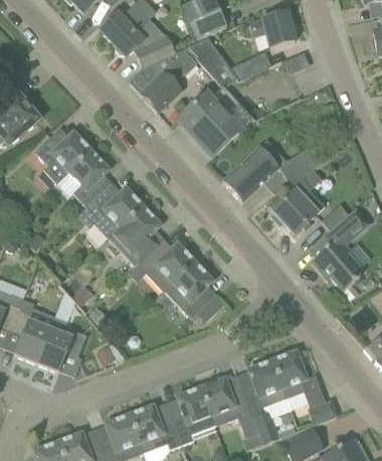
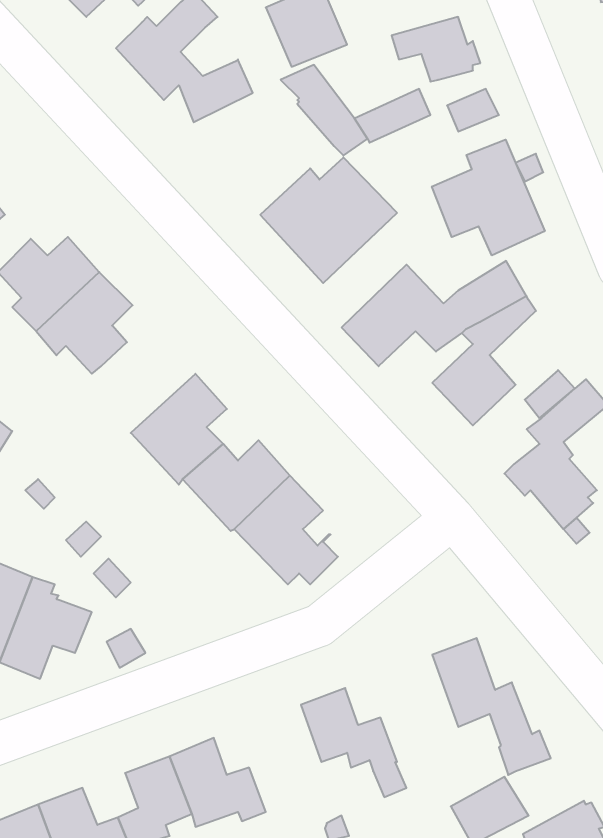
building: [128,48,197,112] -> none
building: none -> [432,140,545,255]
building: [91,186,143,238] -> none
building: [243,358,290,444] -> none
building: [172,386,214,444] -> none

